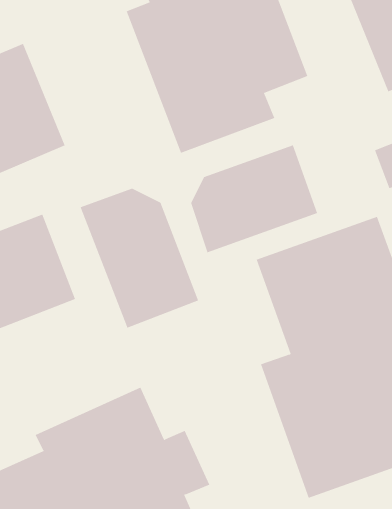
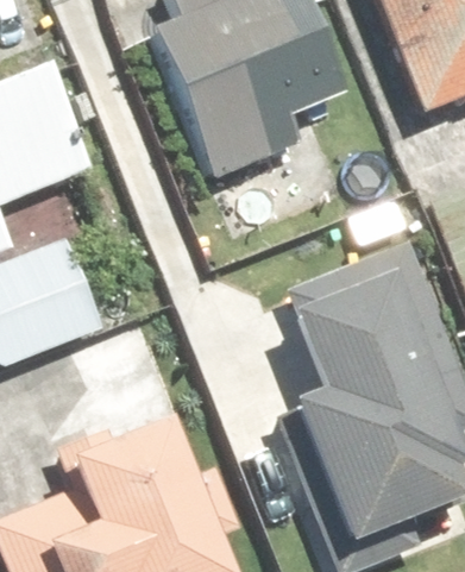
building: [191,145,318,253] -> none
building: [80,188,199,329] -> none

